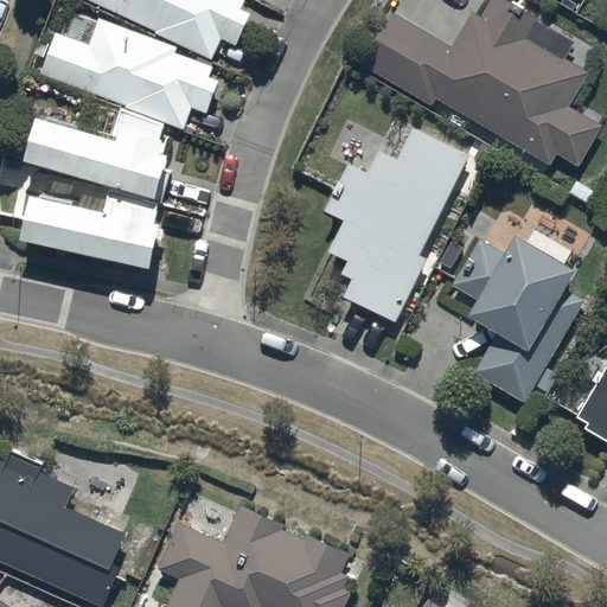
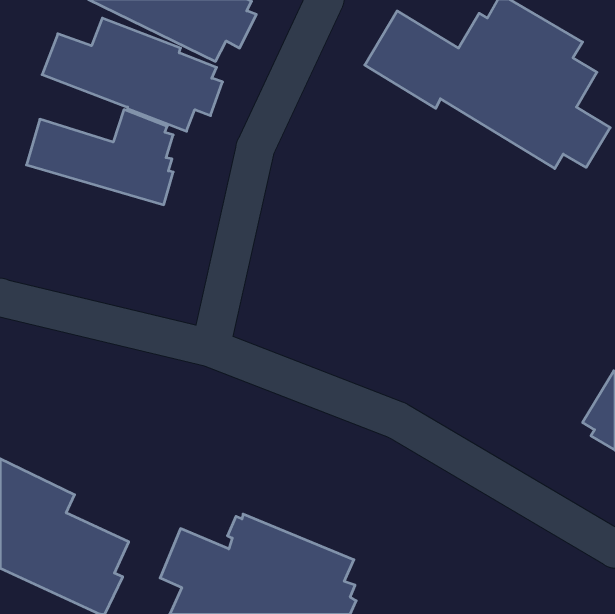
building: [325,126,471,320] -> none
building: [23,196,166,270] -> none
building: [452,236,583,403] -> none

